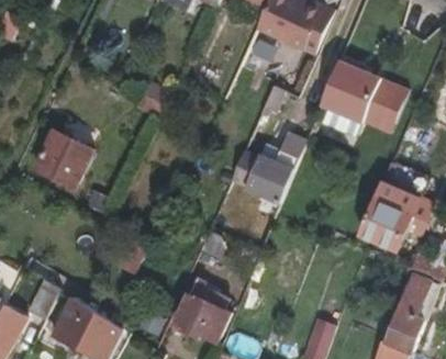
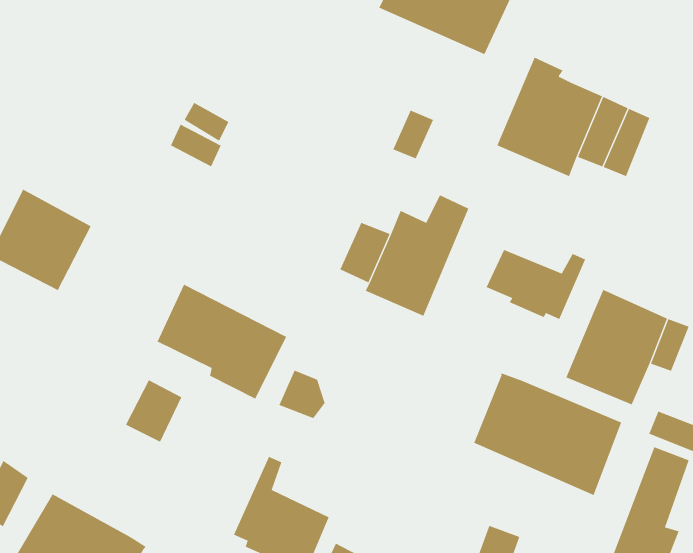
building: none -> [486,249,586,320]
building: none -> [157,284,287,399]
building: none -> [473,372,622,496]

